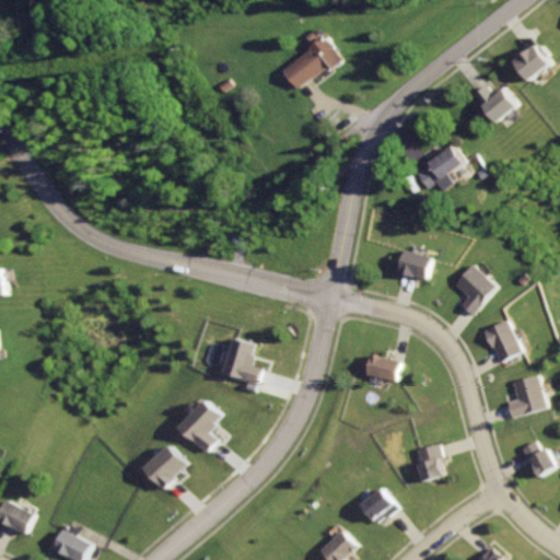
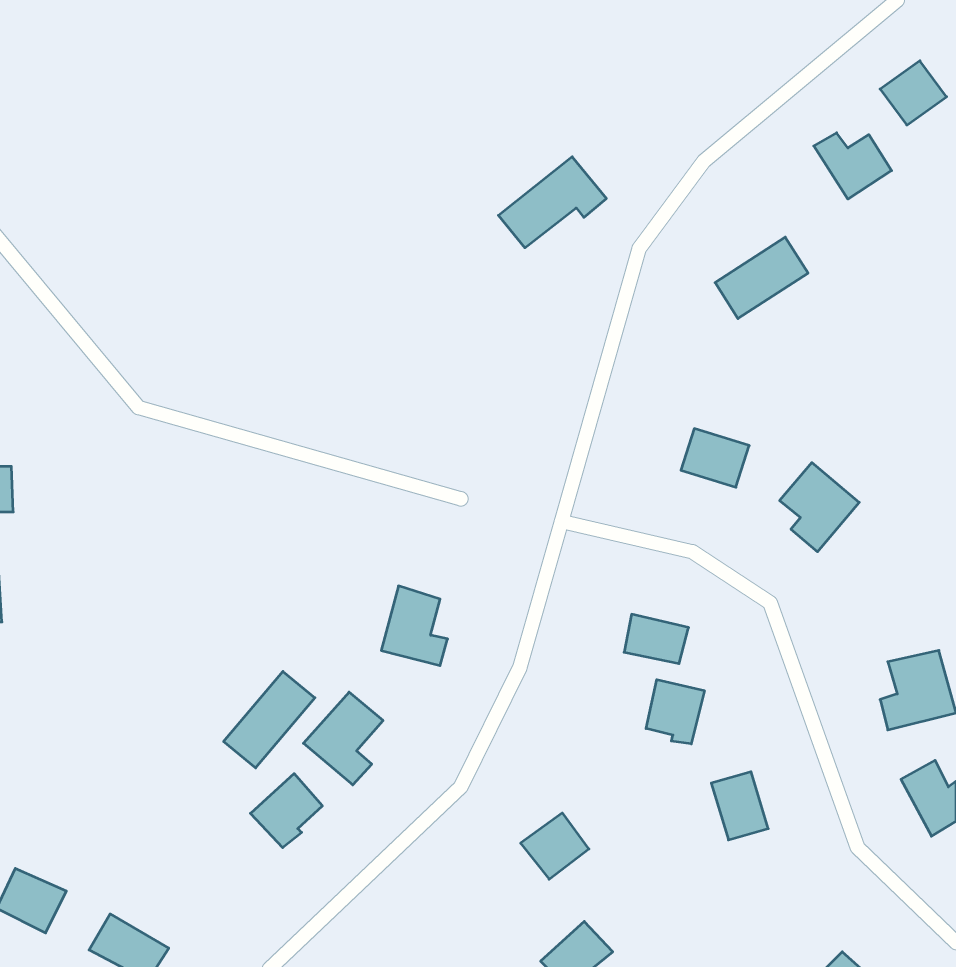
building: [282,30,345,82] -> [498,157,606,248]
building: [485,323,523,366] -> none
building: none -> [224,671,315,768]
building: none -> [646,680,704,744]
building: [352,488,392,526] -> [521,813,589,879]

